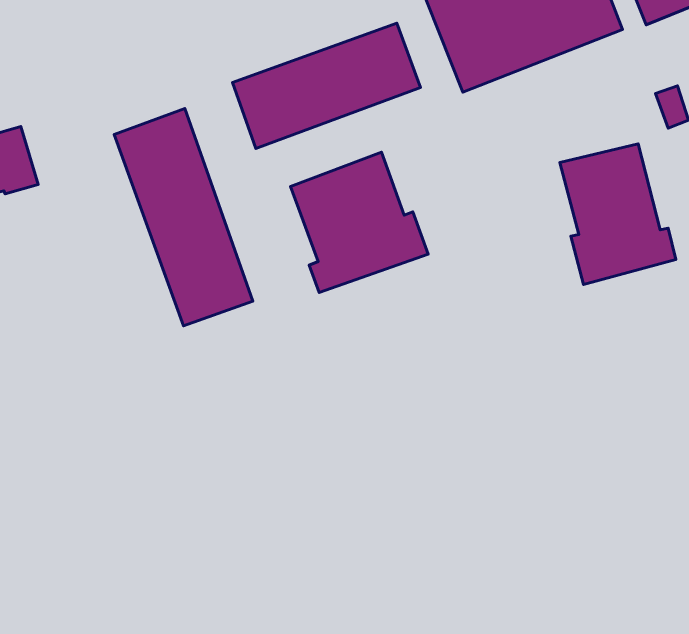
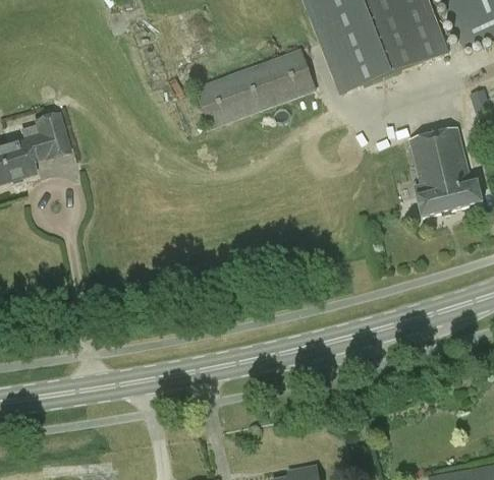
building: [114,108,253,326] -> none
building: [290,152,428,292] -> none

